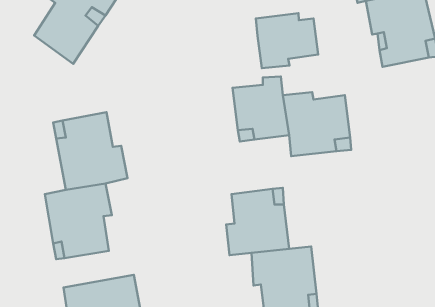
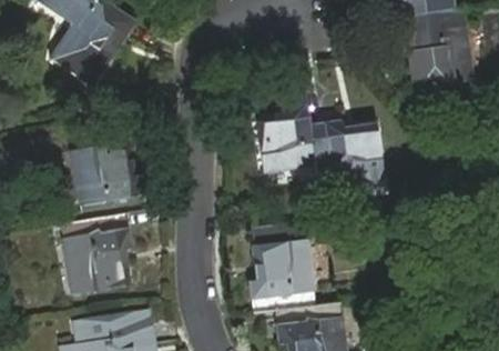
building: [256,13,318,68] -> none

